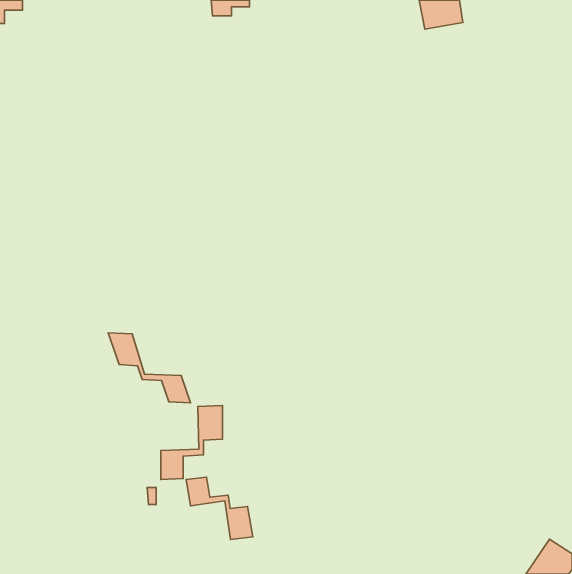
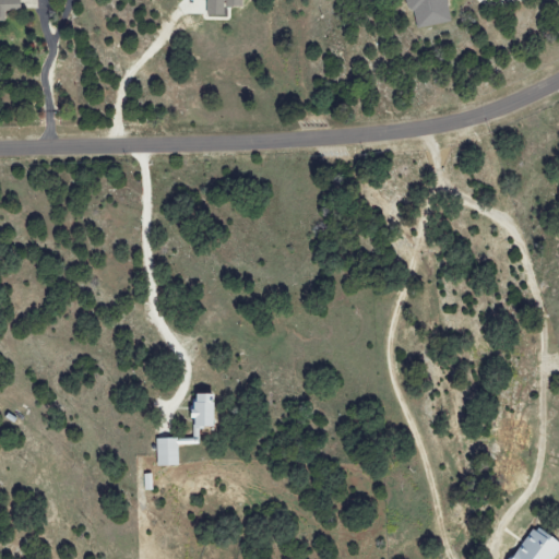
building: [108,333,190,403] -> none
building: [186,477,253,539] -> none

